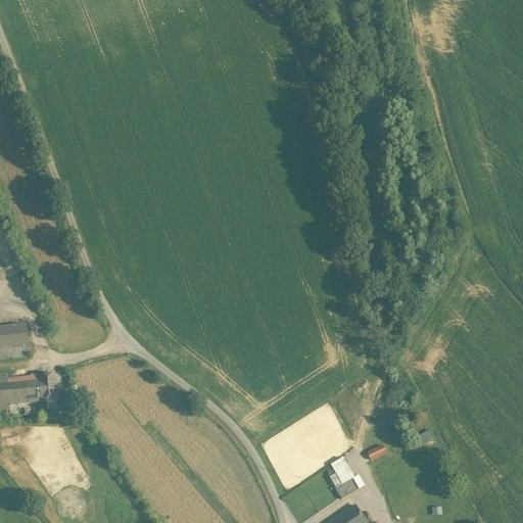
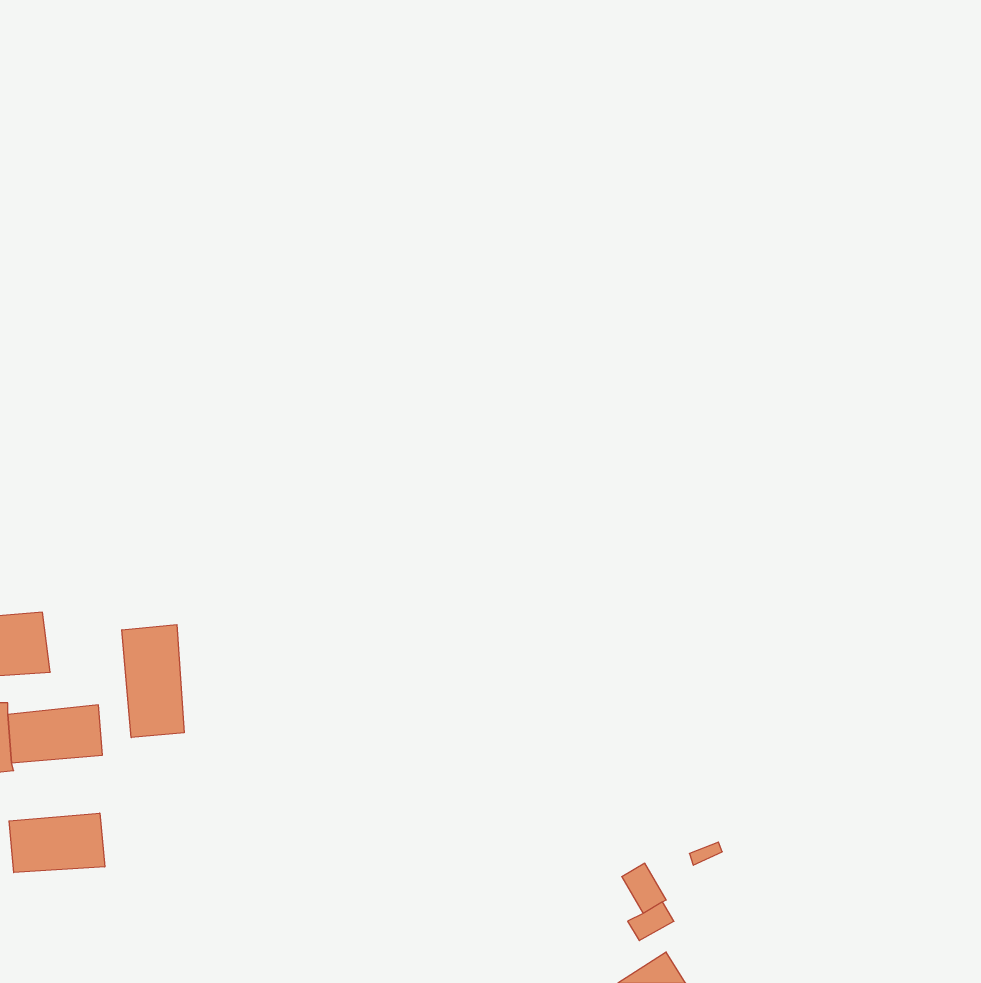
building: none -> [122,625,184,738]
building: none -> [9,813,105,873]

